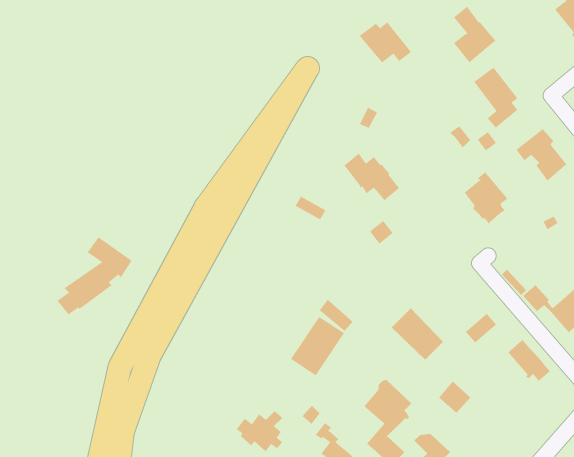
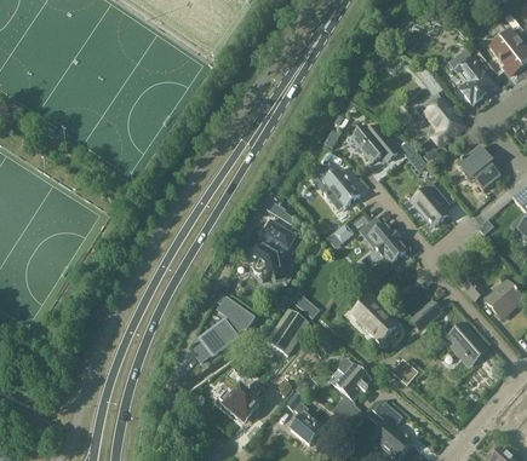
building: [453,6,496,63] -> [459,57,496,105]
building: [359,22,412,63] -> [353,126,397,161]
building: none -> [366,218,406,261]
building: none -> [247,219,297,281]
building: [57,237,133,315] -> [190,295,254,362]

